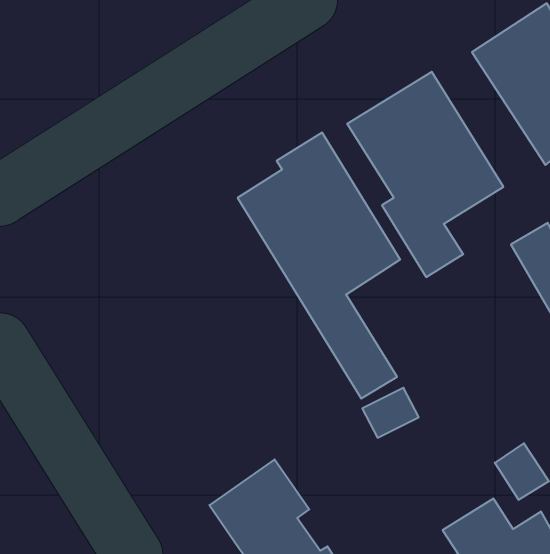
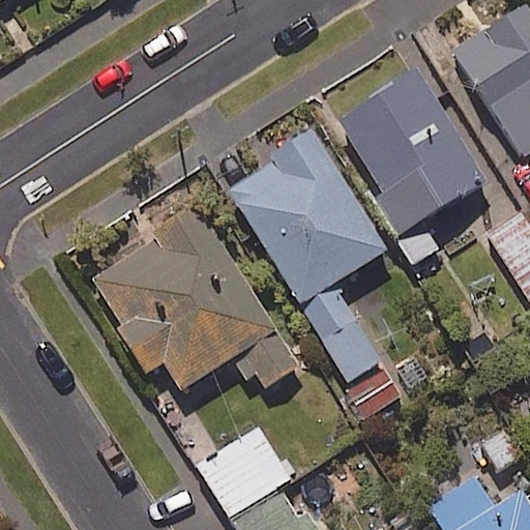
building: none -> [87,202,296,388]

